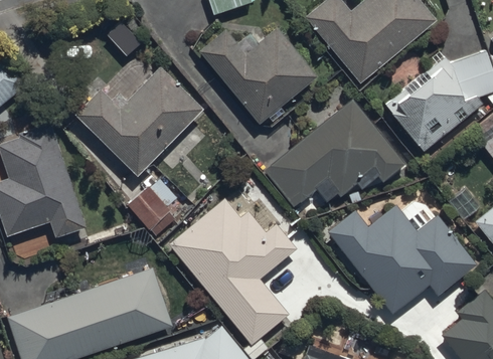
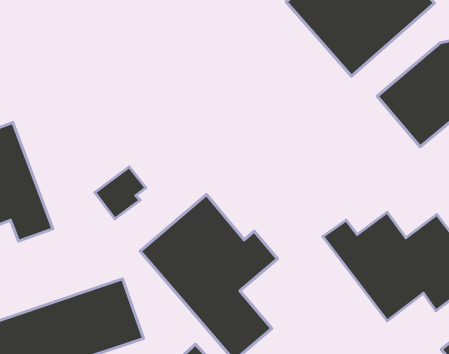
building: [203,29,316,123] -> none
building: [68,70,204,184] -> none
building: [271,103,399,205] -> none

